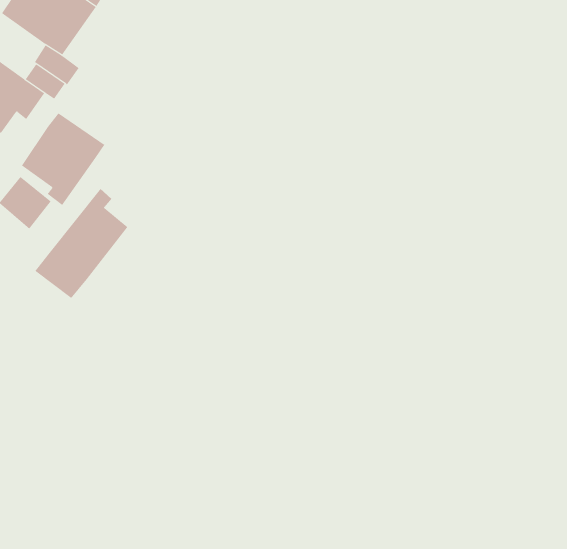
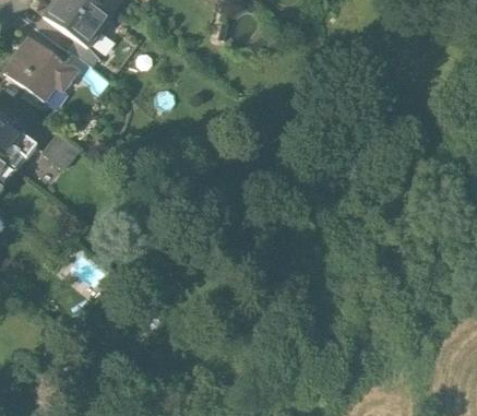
building: [21,112,105,206] -> none
building: [34,188,128,299] -> none

